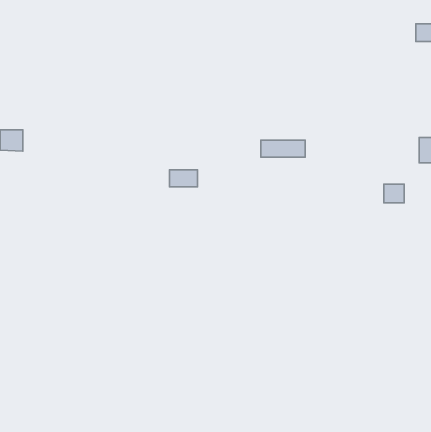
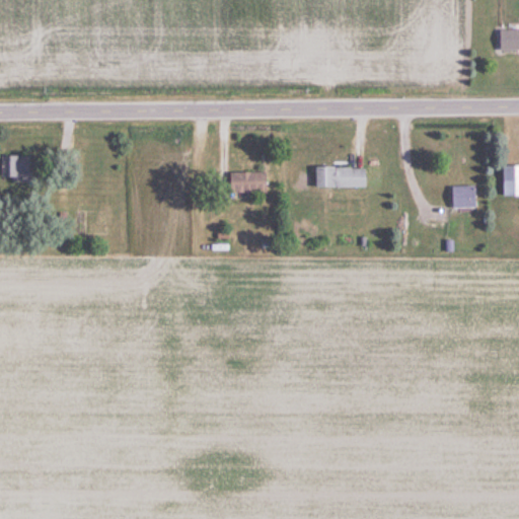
building: [170,170,198,187] -> [231,172,265,193]
building: [384,184,404,203] -> [452,186,476,208]

